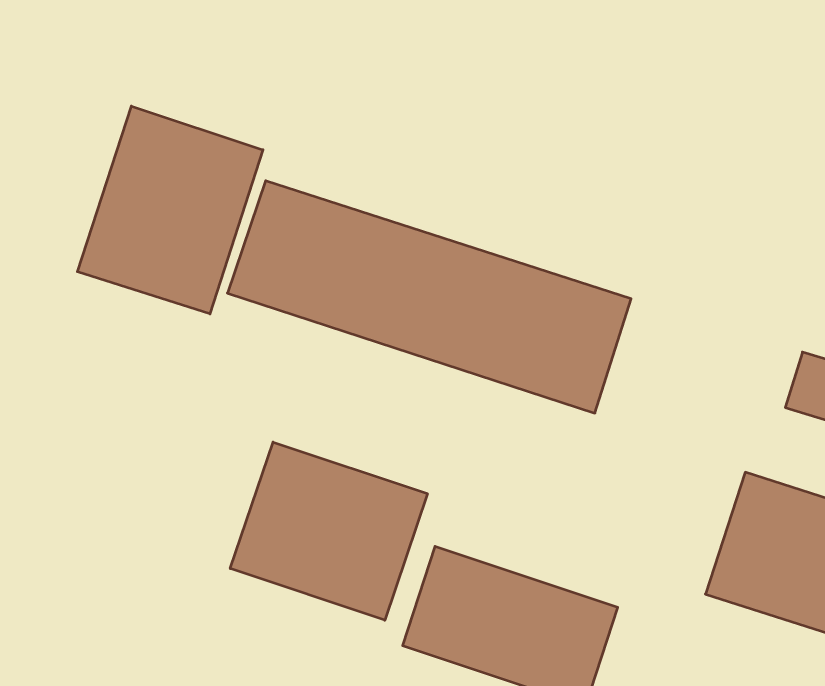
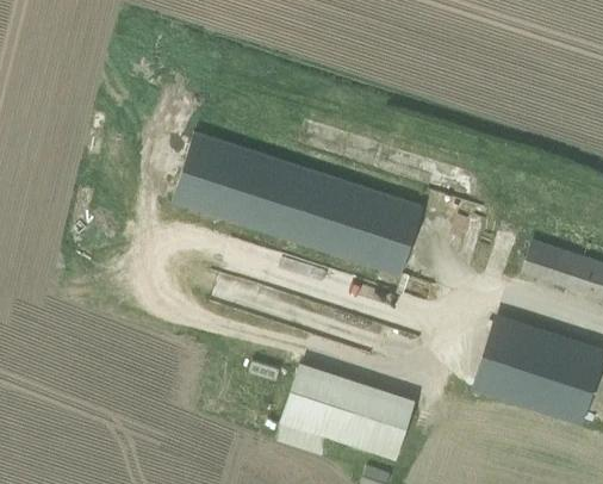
building: [77,106,263,314] -> none
building: [230,442,427,620] -> none

